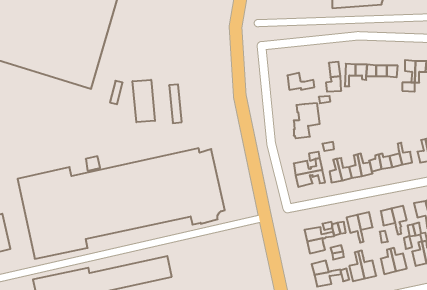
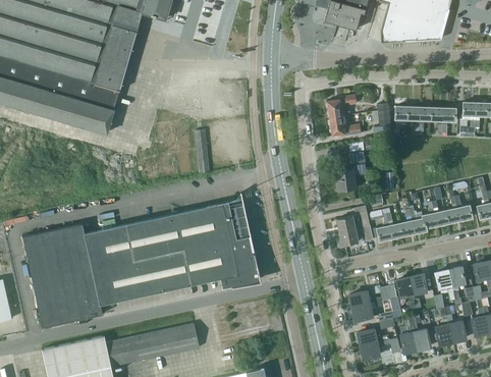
building: none -> [326,95,356,119]
building: [133,80,155,122] -> none

